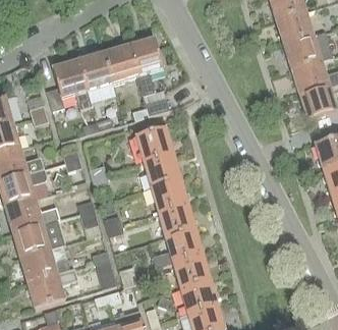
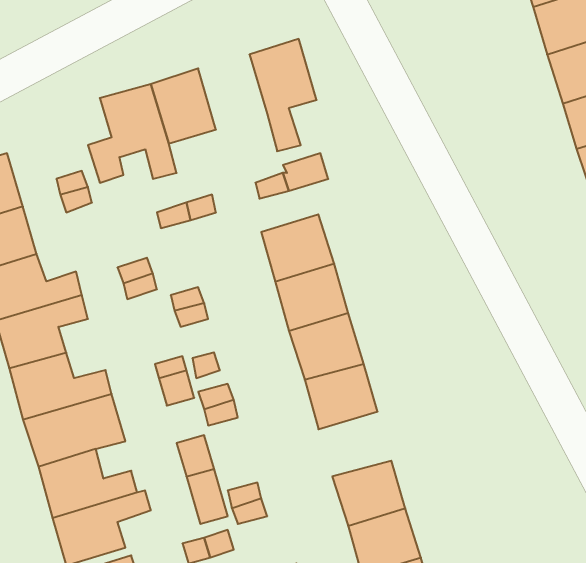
building: [103,44,138,82] -> none
building: [152,228,203,267] -> none

